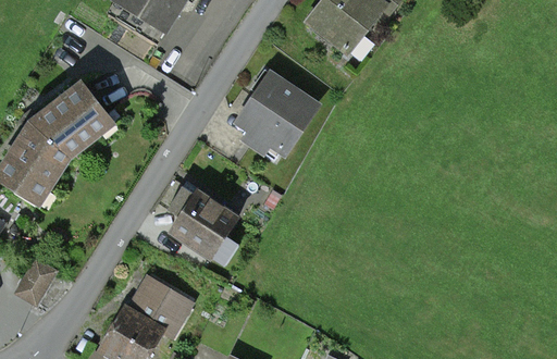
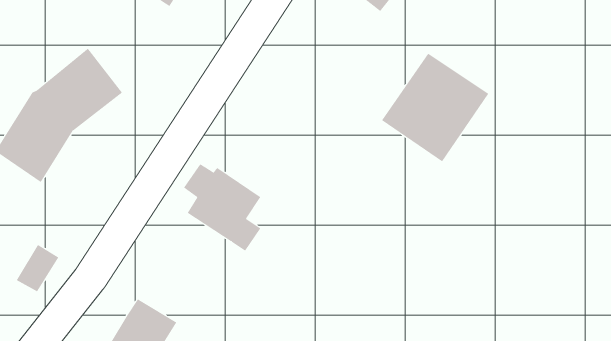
building: [223,74,321,173] -> [381,53,489,162]
building: [128,278,188,334] -> none

